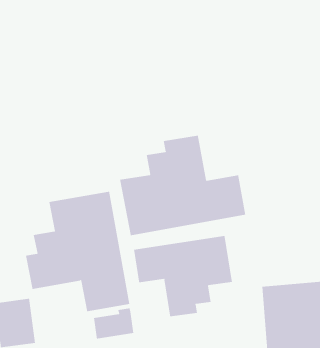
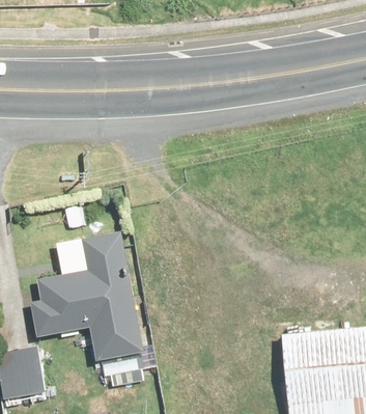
building: [120,135,246,236] -> none
building: [133,235,232,317] -> none

